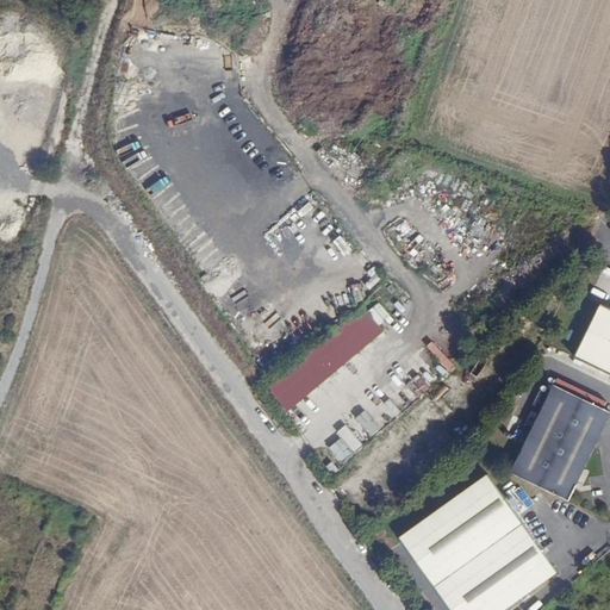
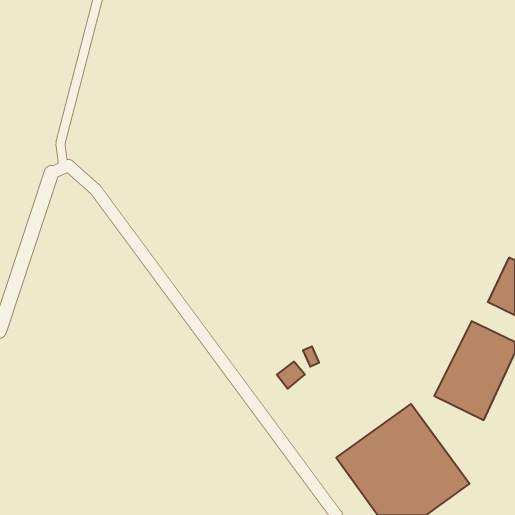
building: [268,307,384,412] -> none

